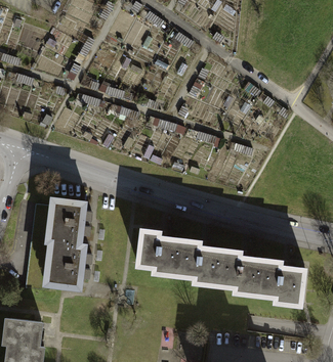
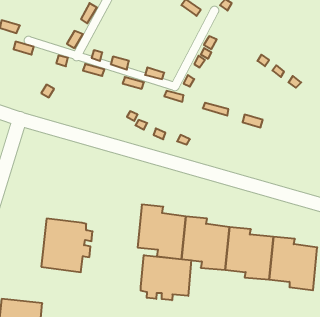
building: [43,195,91,245] -> none
building: none -> [141,255,191,300]

